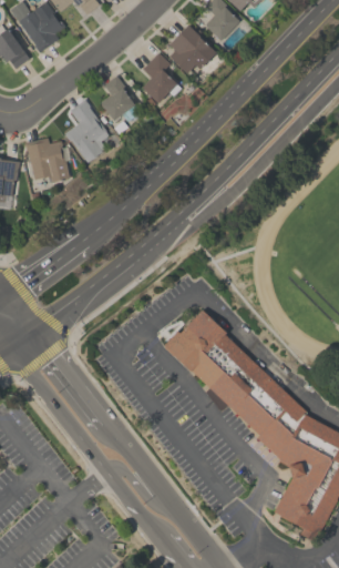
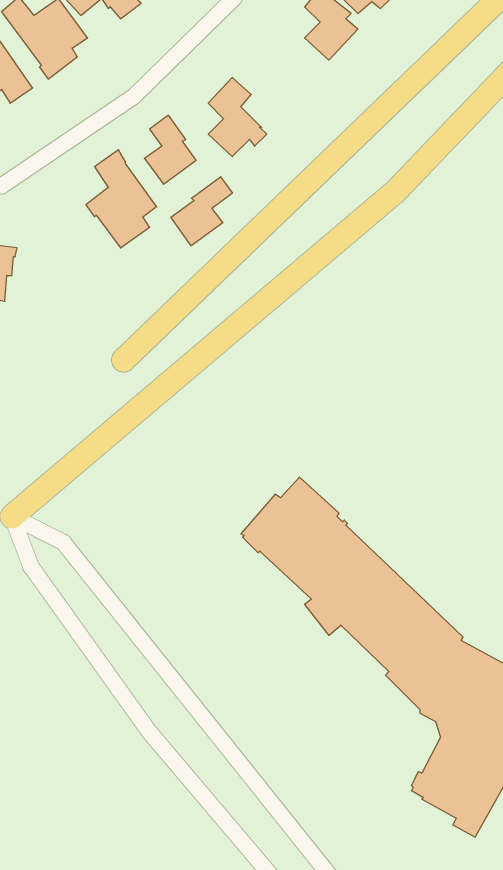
building: [168,23,217,72] -> none
building: none -> [171,177,232,246]
building: [24,138,70,182] -> none

